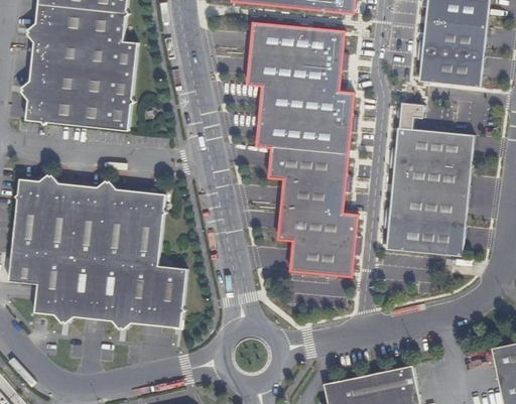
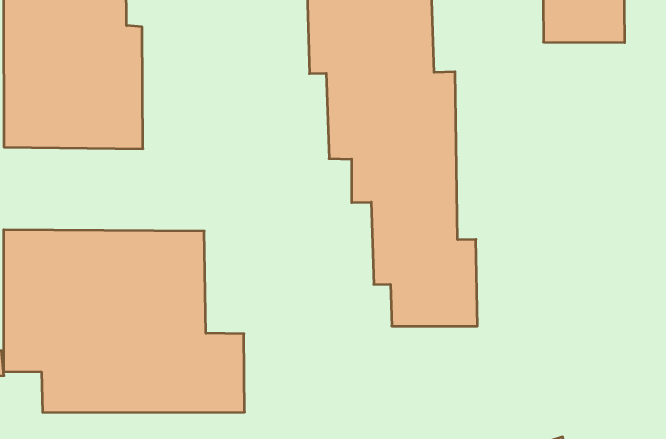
building: [390,103,474,258] -> none

